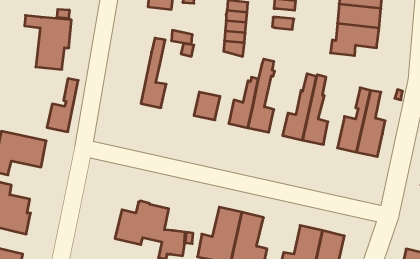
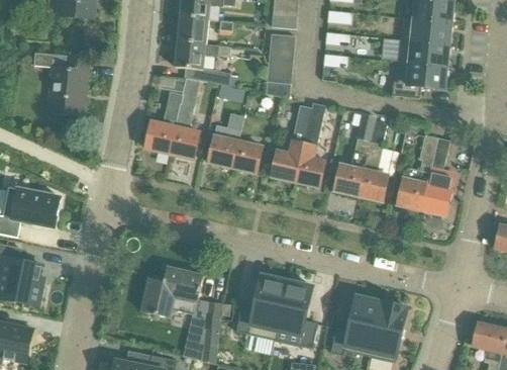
building: none -> [175,41,230,70]
building: none -> [208,117,242,168]
building: [47,79,78,132] -> [145,92,182,154]

